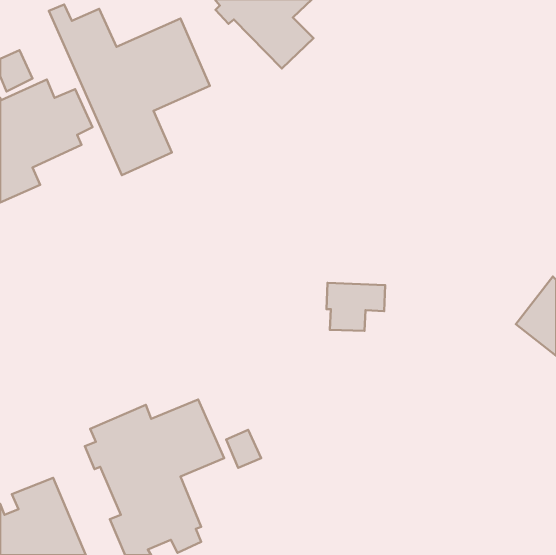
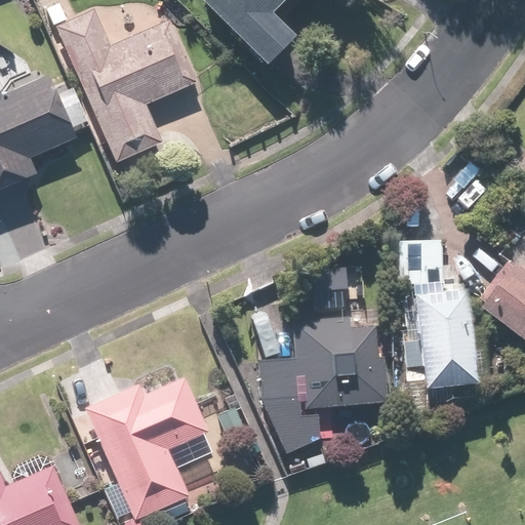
building: none -> [392,239,476,389]
building: none -> [258,317,388,453]

